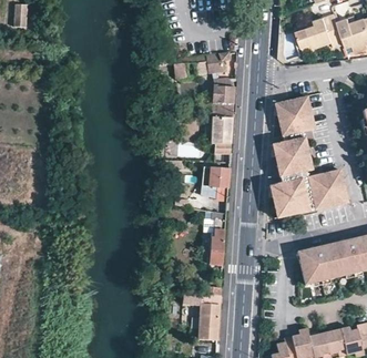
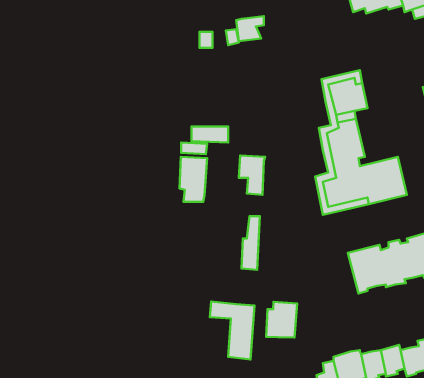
building: [212,76,234,104] -> none
building: [210,116,233,154] -> [180,157,207,202]
building: none -> [266,302,297,338]

